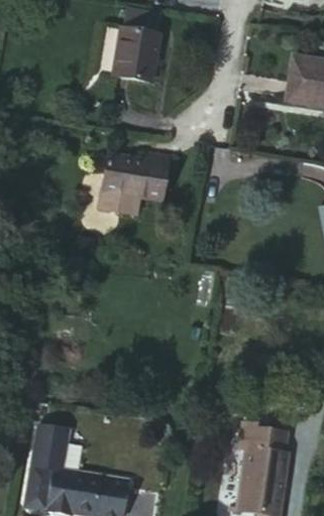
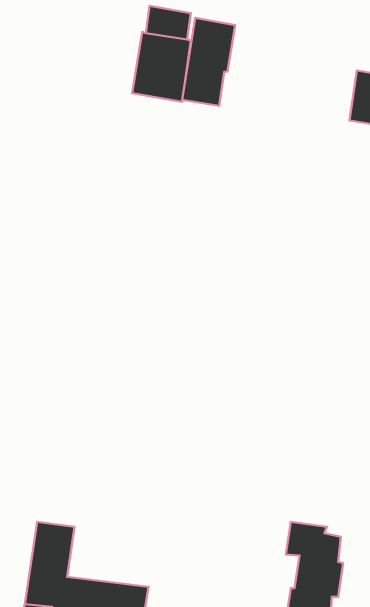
building: none -> [182,18,235,106]
building: [101,154,169,216] -> none

